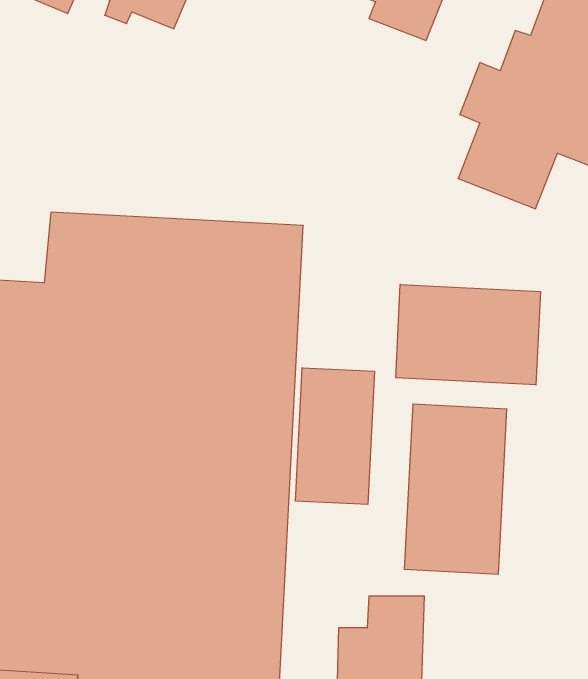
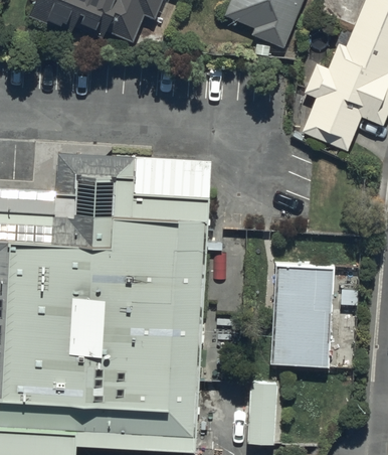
building: [396,284,540,385] -> none
building: [295,368,374,504] -> none

